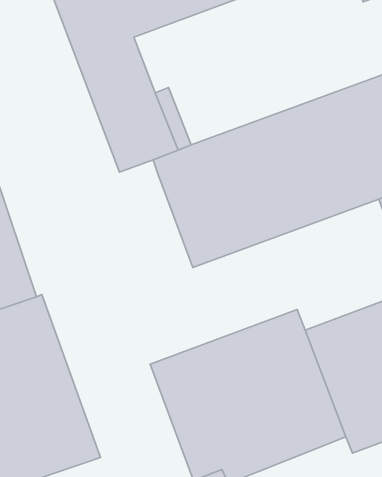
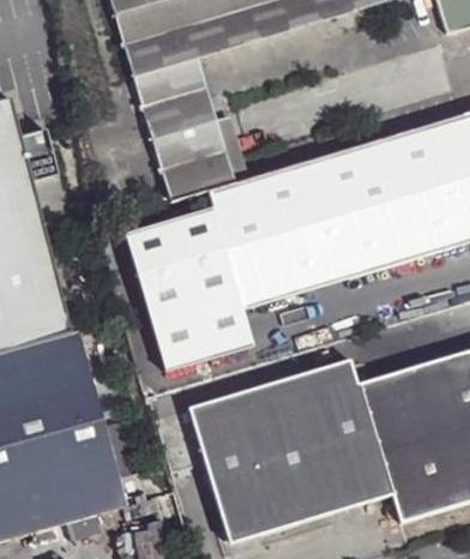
building: none -> [122,203,252,369]

